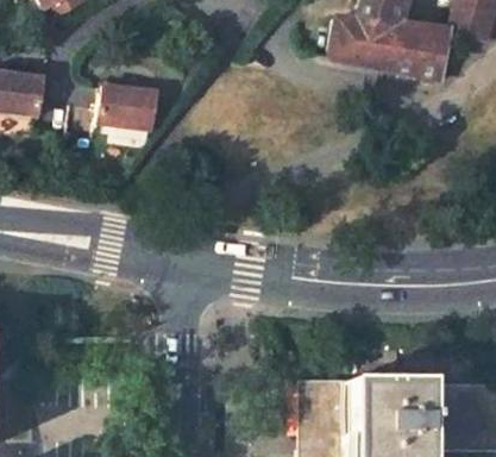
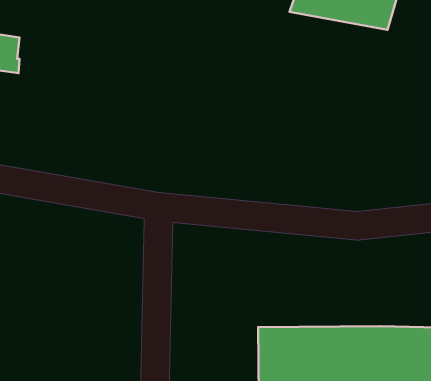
building: [96,87,158,131] -> none

